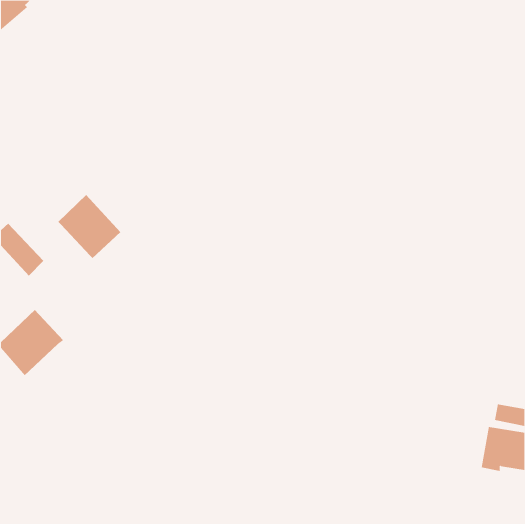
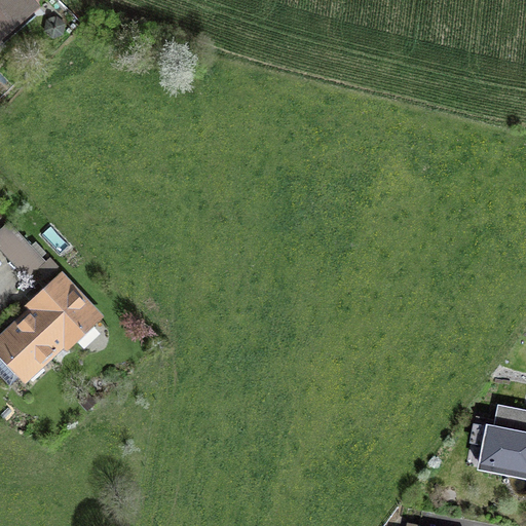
building: [58,194,121,259] -> [32,279,96,344]

